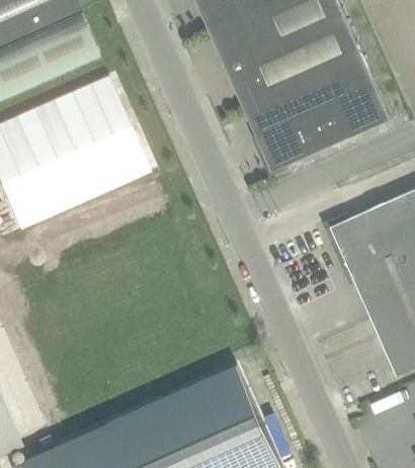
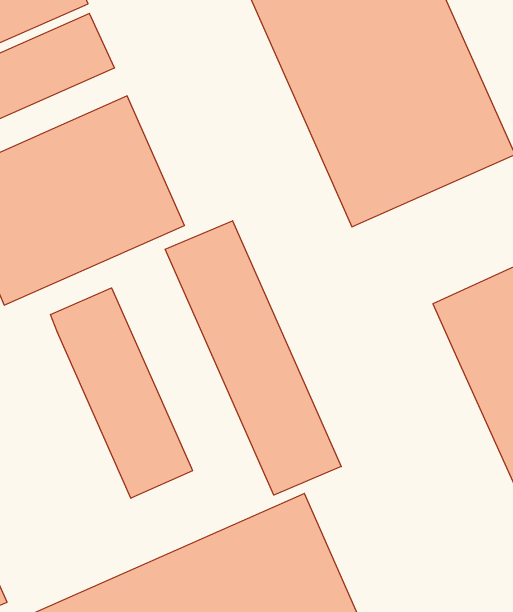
building: none -> [165,221,341,495]
building: none -> [51,288,193,498]

